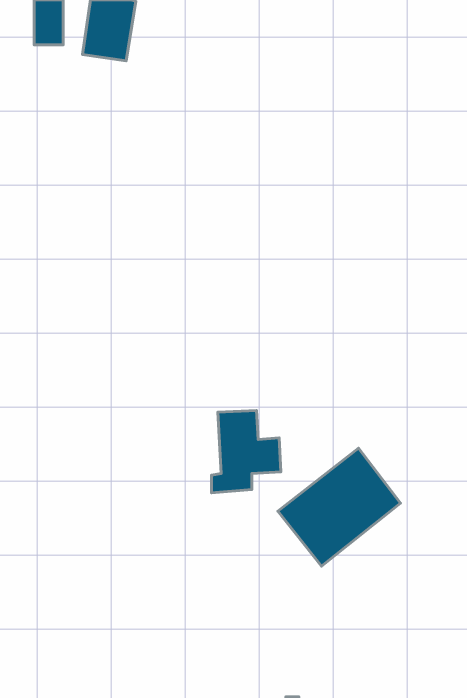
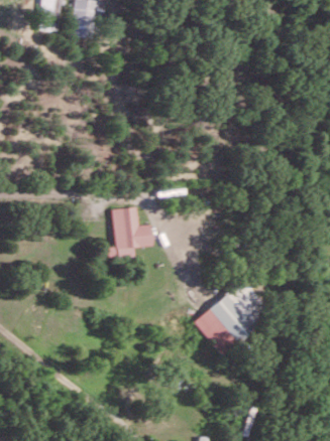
building: [211,411,281,493] -> [108,206,151,258]

